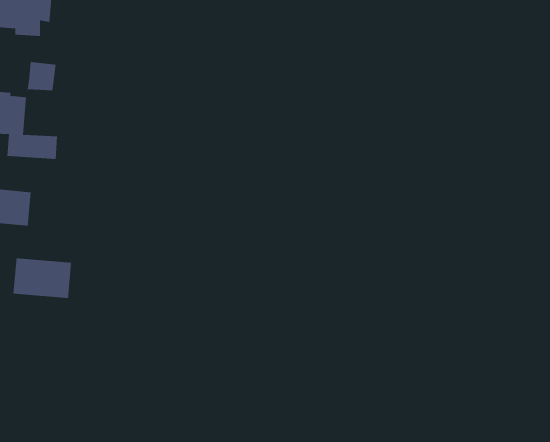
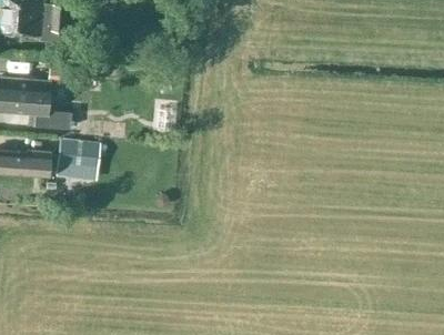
building: [13,258,72,298] -> [59,141,101,170]

